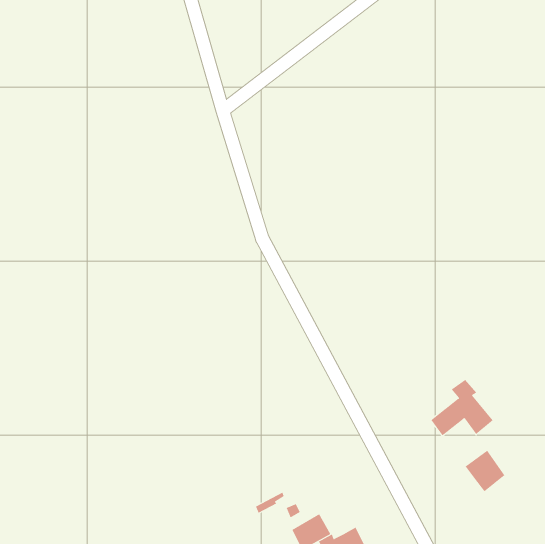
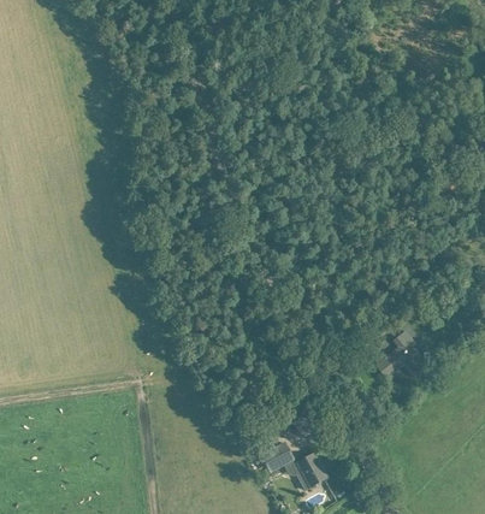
building: [465,450,505,492] -> none

